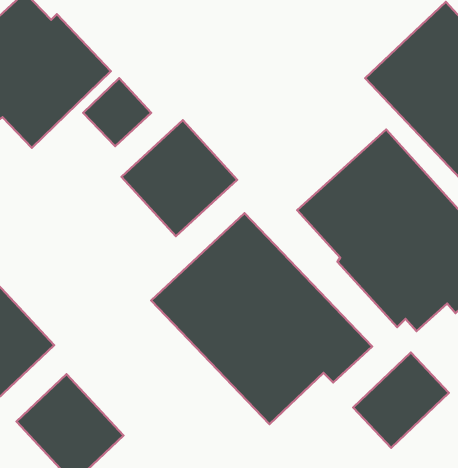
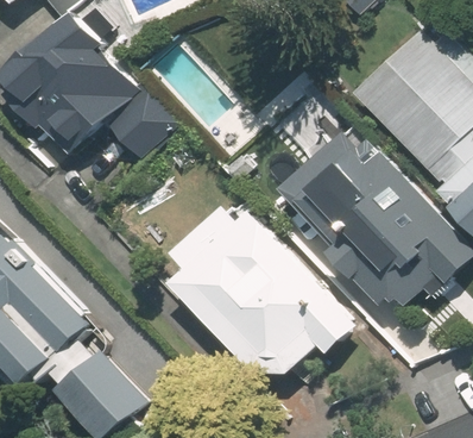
building: [122,120,237,236] -> none
building: [353,352,449,448] -> none

